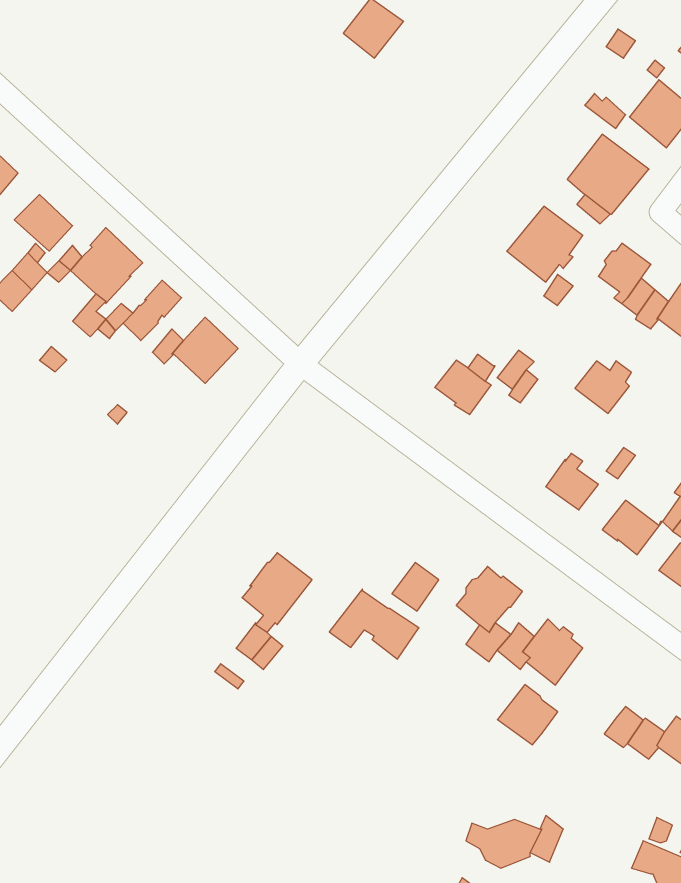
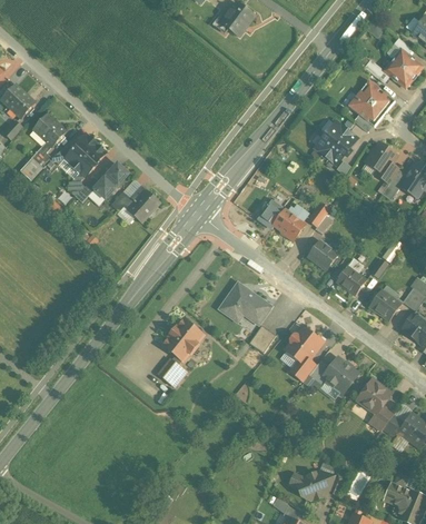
building: none -> [256,197,285,228]
building: [575,361,631,413] -> [307,239,339,269]
building: [329,589,419,659] -> [219,283,270,323]
building: [497,685,558,745] -> [356,378,390,413]

